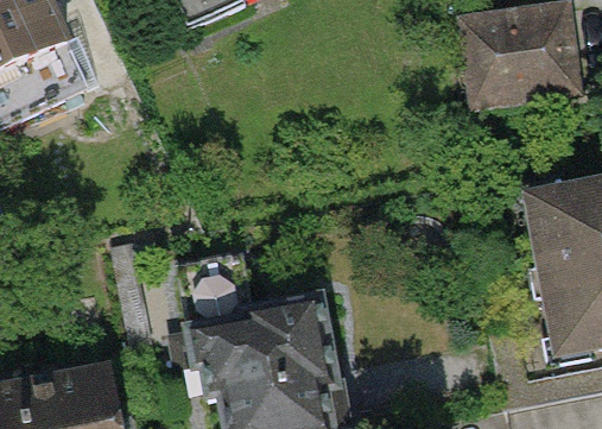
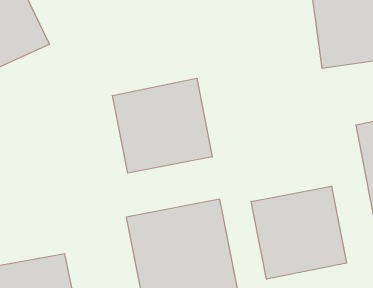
building: none -> [112,78,212,173]
building: none -> [251,186,346,279]

